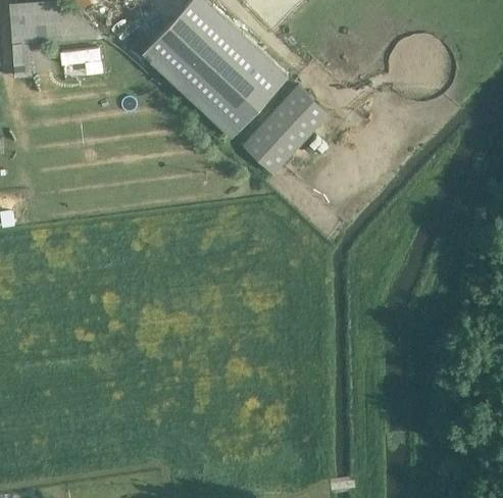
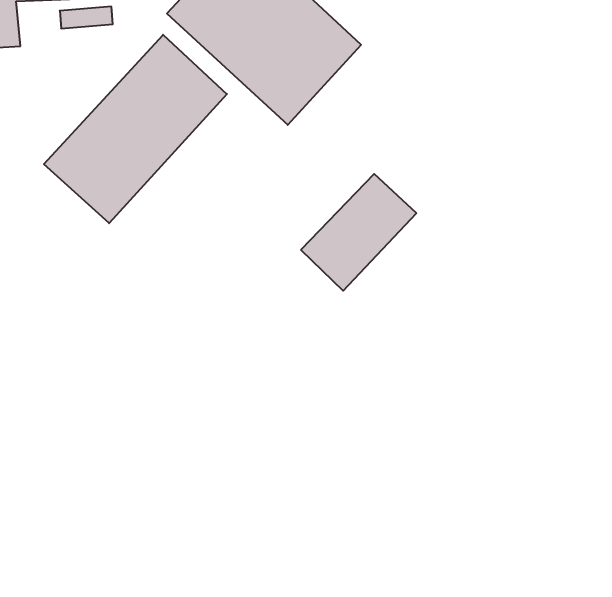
building: none -> [44,35,227,223]
building: [242,90,329,178] -> [301,174,416,291]

